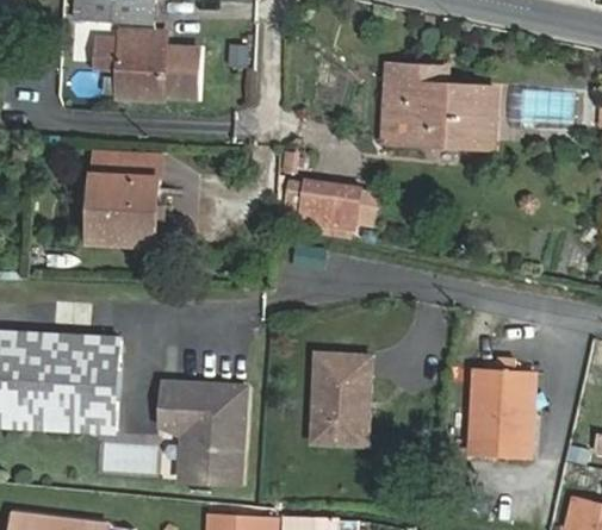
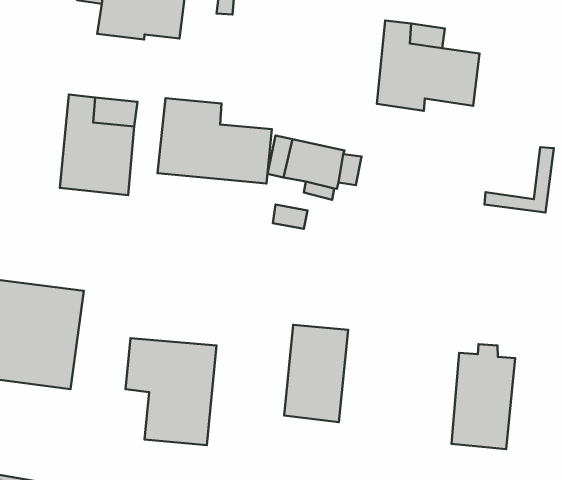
building: [428,87,490,149] -> [485,147,554,213]
building: none -> [158,98,272,184]

